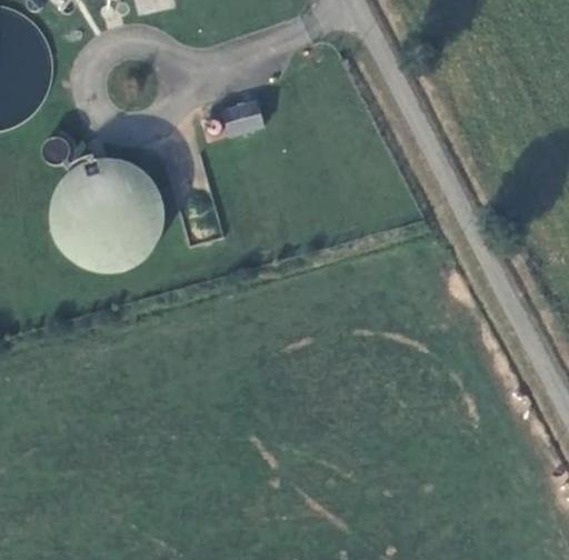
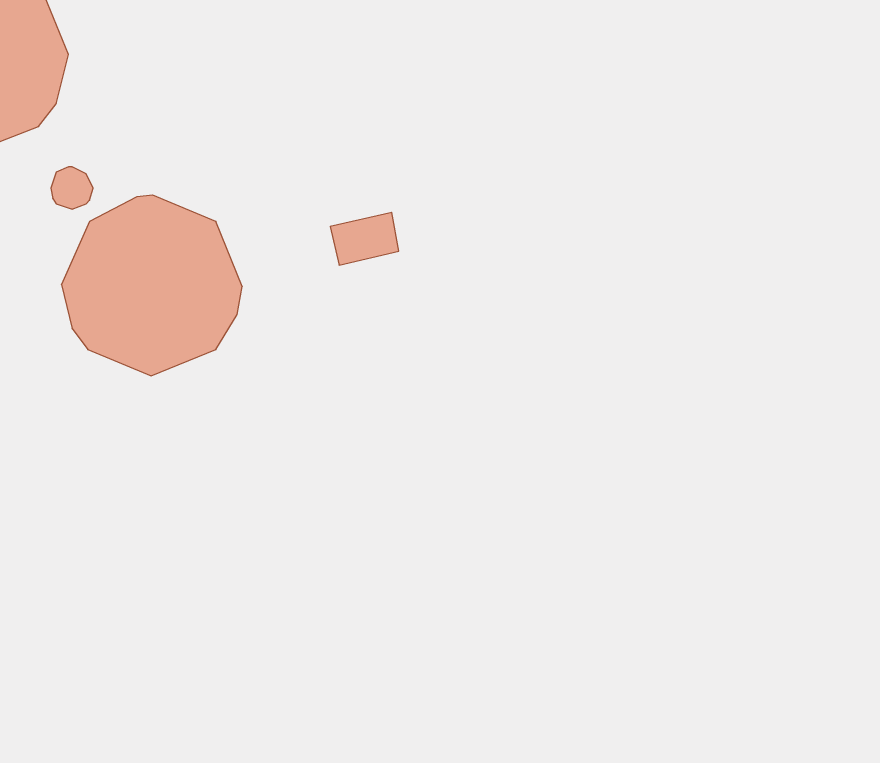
building: [213,103,257,137] -> [330,212,399,265]

